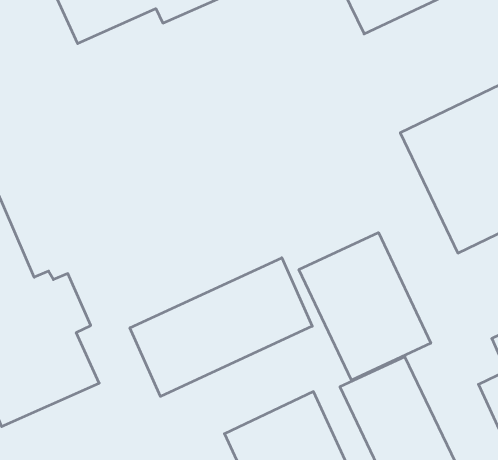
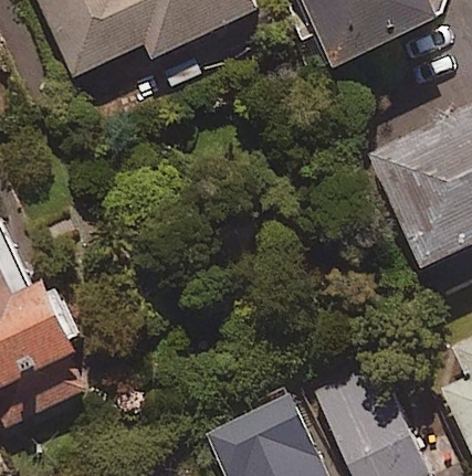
building: [299,233,431,380] -> none
building: [130,258,312,396] -> none

